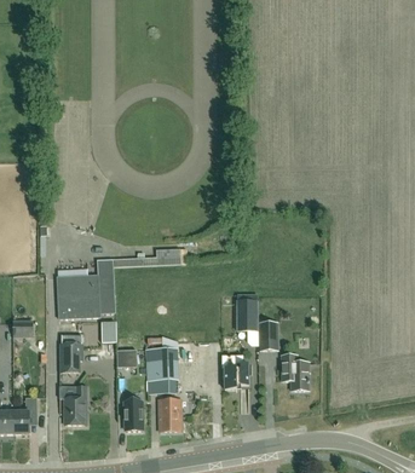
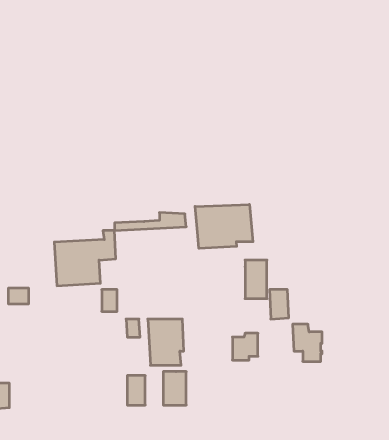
building: none -> [195,204,253,248]
building: [60,344,82,371] -> none
building: [64,386,86,425] -> none
building: [13,397,36,433] -> none

